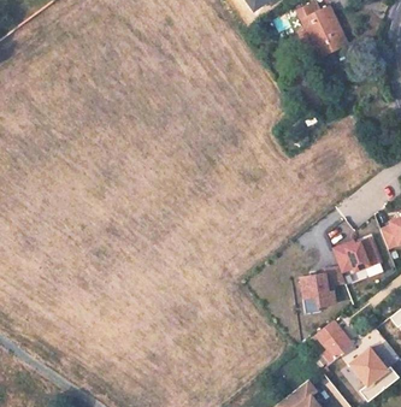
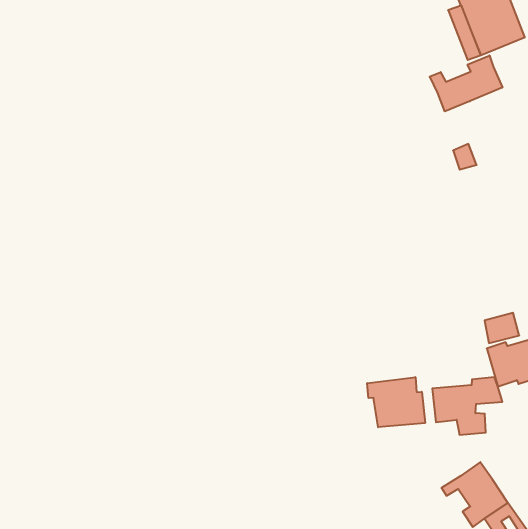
building: none -> [430,55,502,111]
building: none -> [367,377,425,427]

